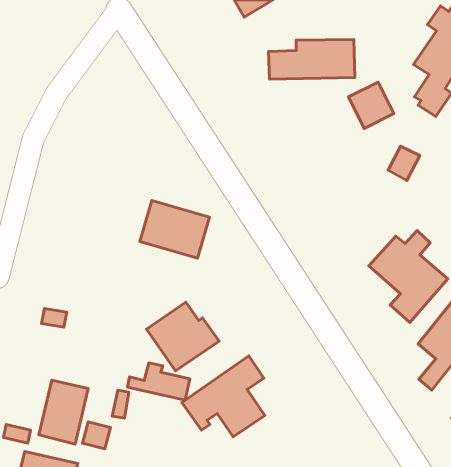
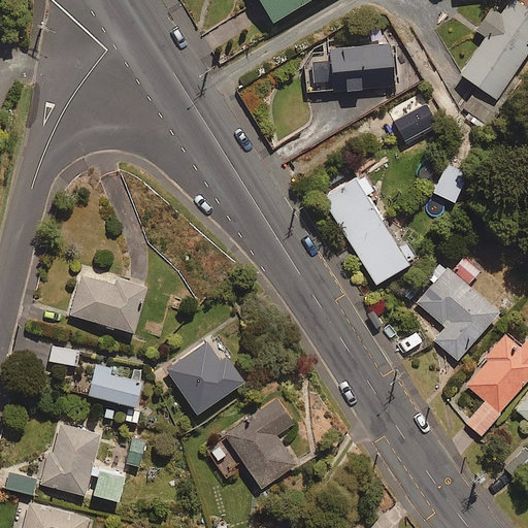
building: none -> [325,170,419,284]
building: [140,201,210,258] -> [70,269,147,333]
building: [128,363,190,400] -> [72,365,141,406]

